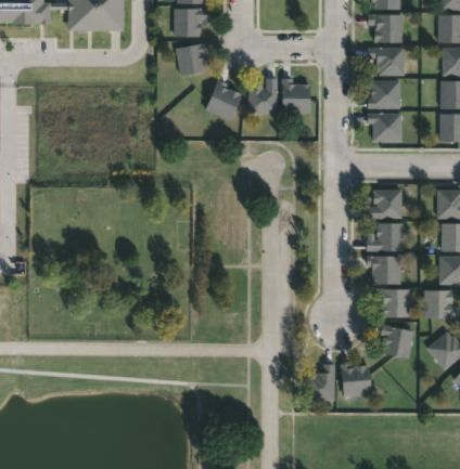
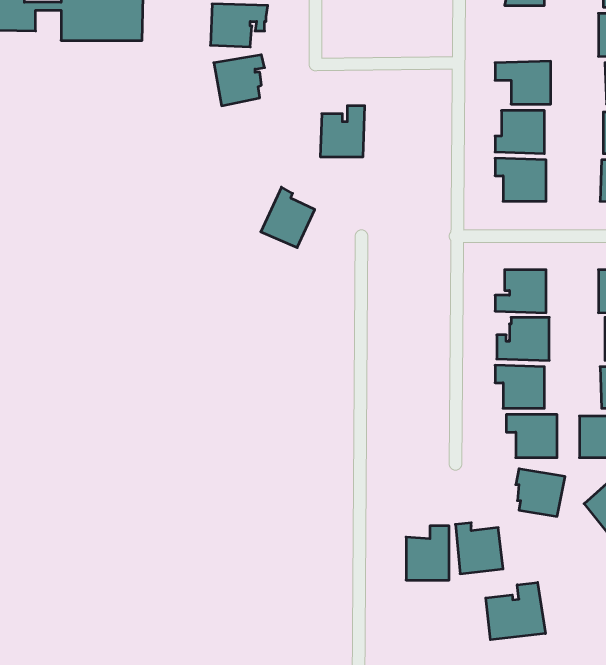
building: [367,14,403,42] -> none
building: [280,77,309,112] -> none
building: [205,78,242,119] -> [261,187,315,248]
building: none -> [486,582,545,640]

